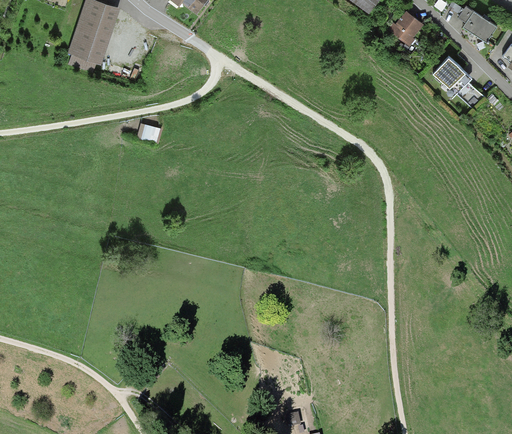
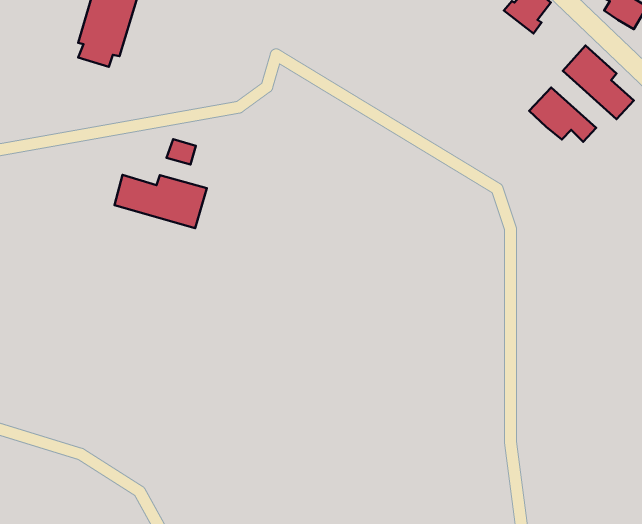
building: none -> [529,87,596,142]
building: none -> [114,175,207,228]

